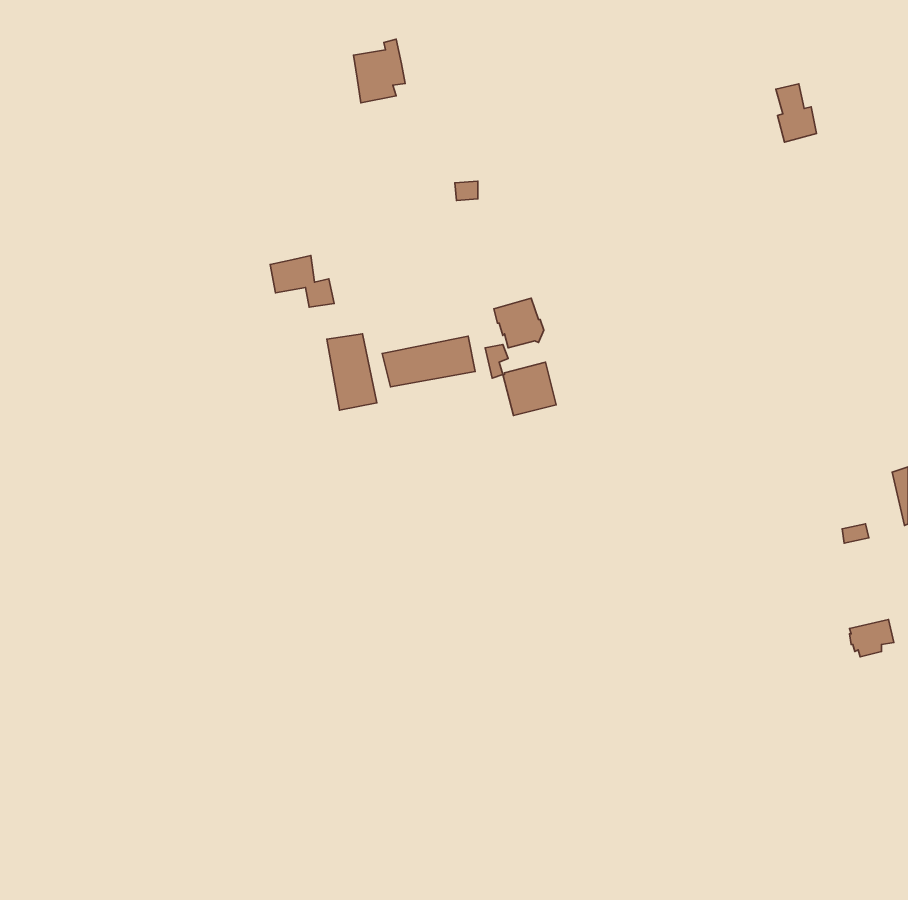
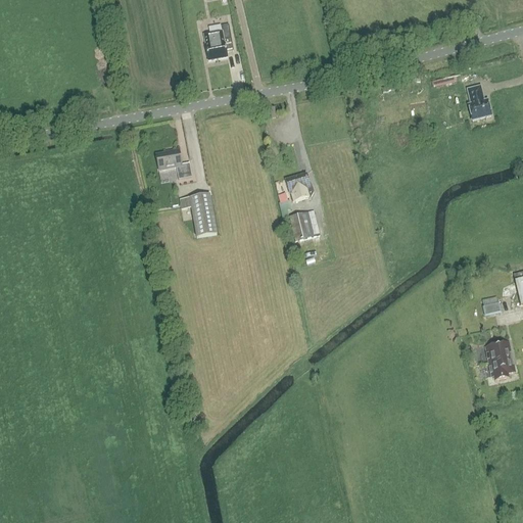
building: [776,84,817,142] -> [467,85,490,118]
building: [382,336,475,387] -> none
building: none -> [485,340,511,362]

